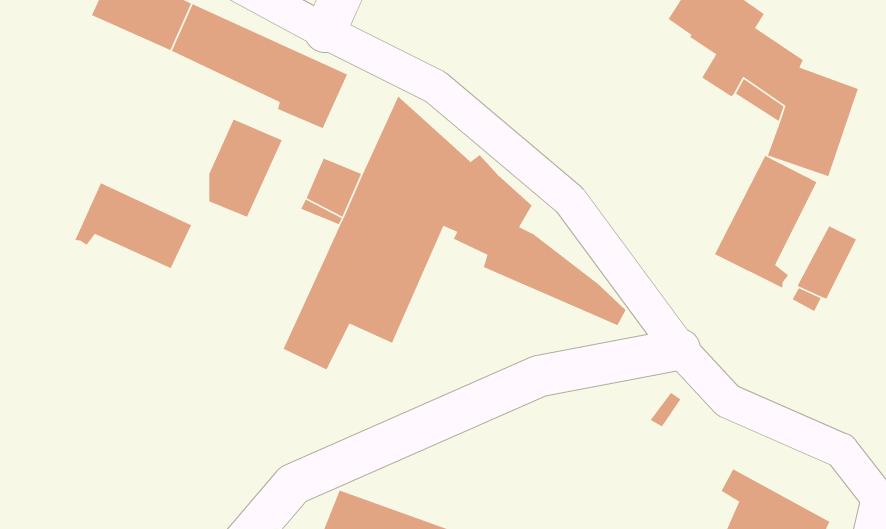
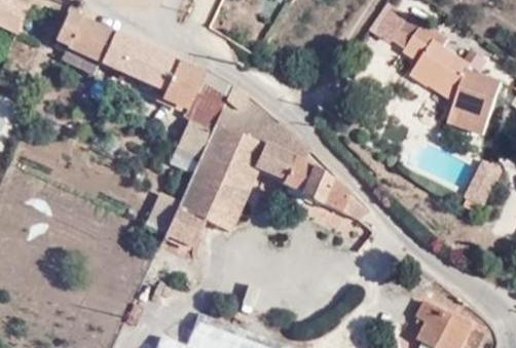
building: [208,119,283,218] -> [188,74,231,131]
building: [714,155,817,289] -> none
building: [74,182,192,269] -> none

